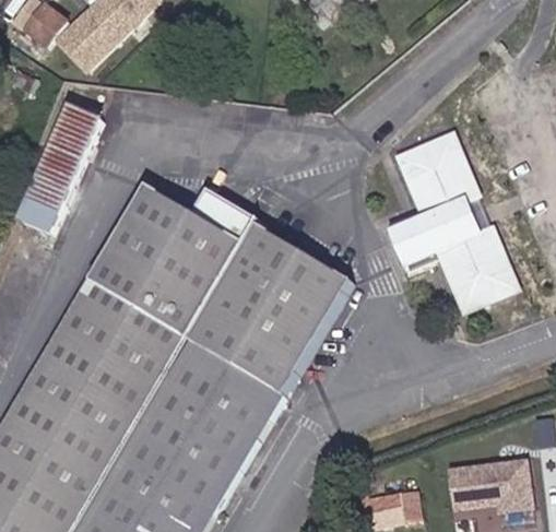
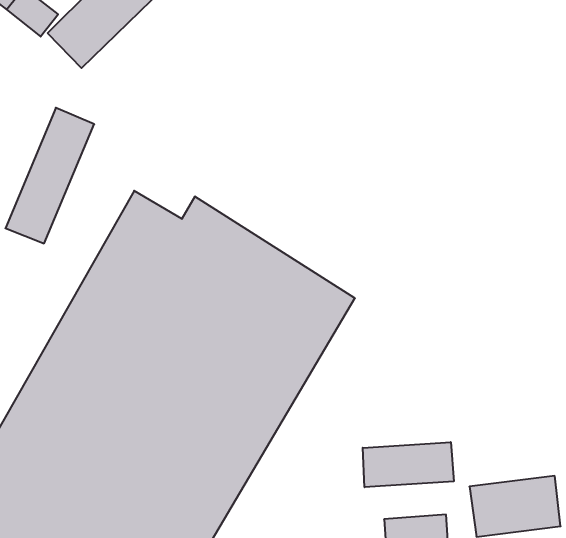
building: [388,135,518,310] -> none
building: none -> [363,442,454,487]

